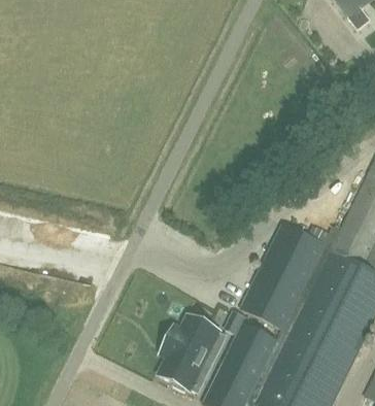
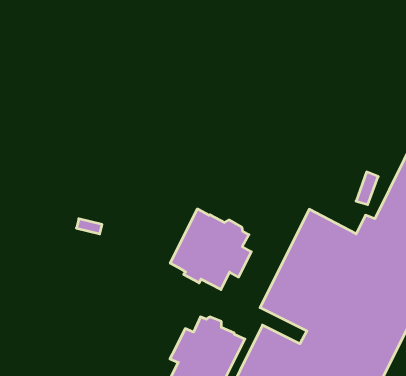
building: none -> [170,209,251,290]

